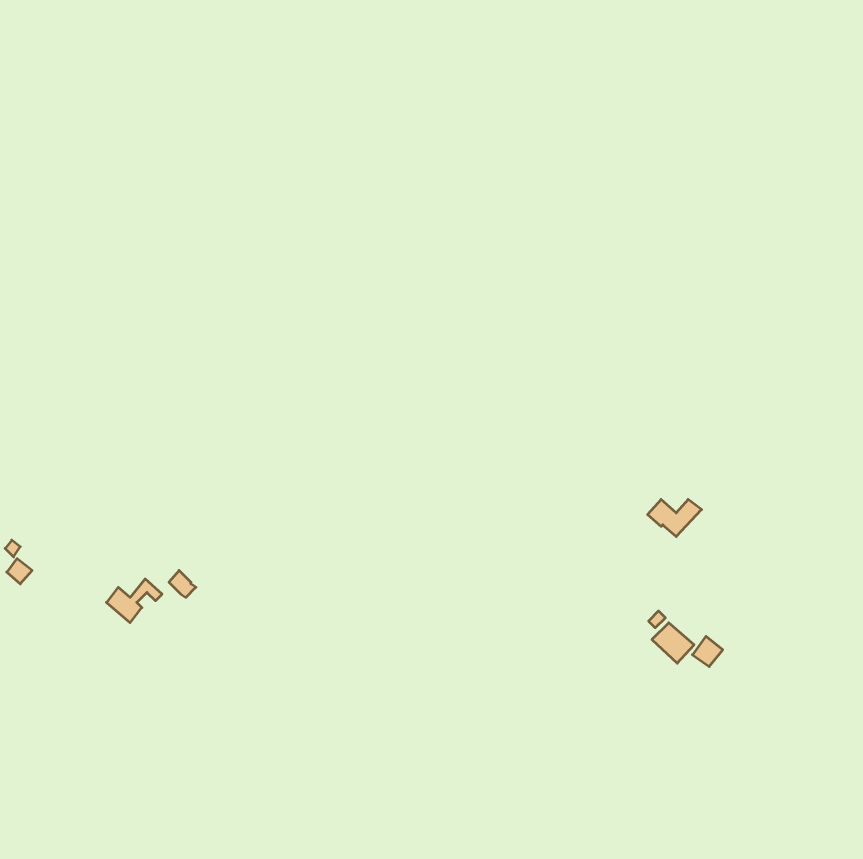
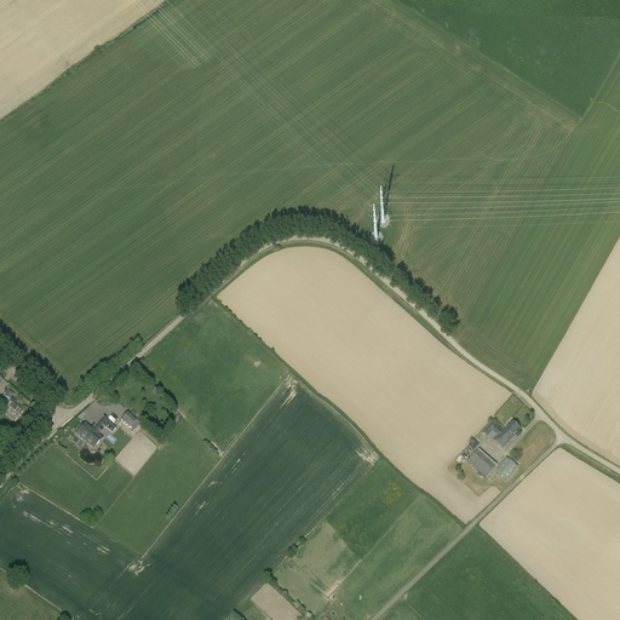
building: [648,499,702,537] -> [482,420,521,447]

